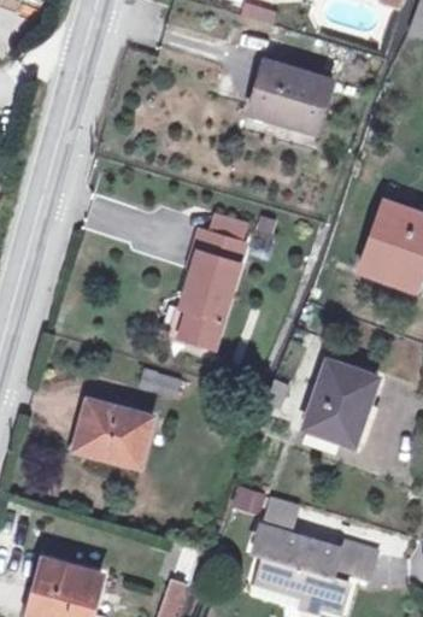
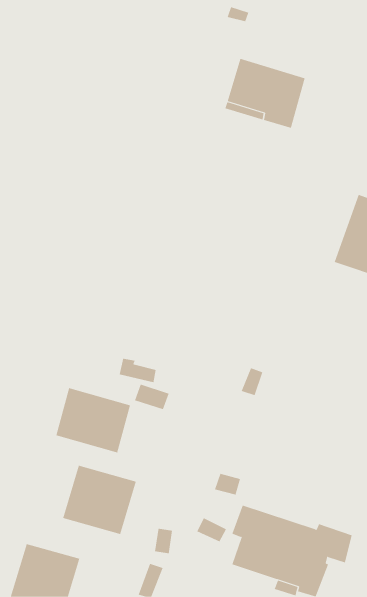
building: [169,230,243,347] -> none
building: [302,360,375,443] -> none
building: none -> [63,465,136,535]

